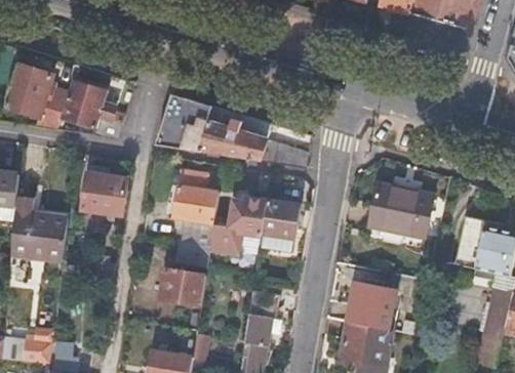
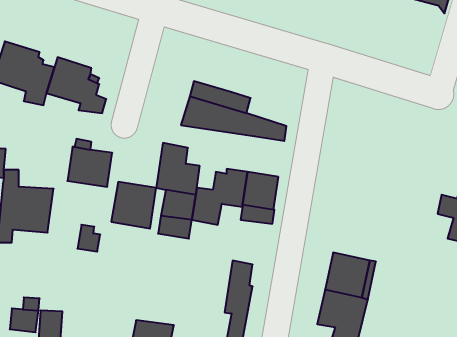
building: [164,97,206,148] -> none
building: [368,182,431,237] -> none
building: [159,270,205,318] -> [111,182,156,229]

